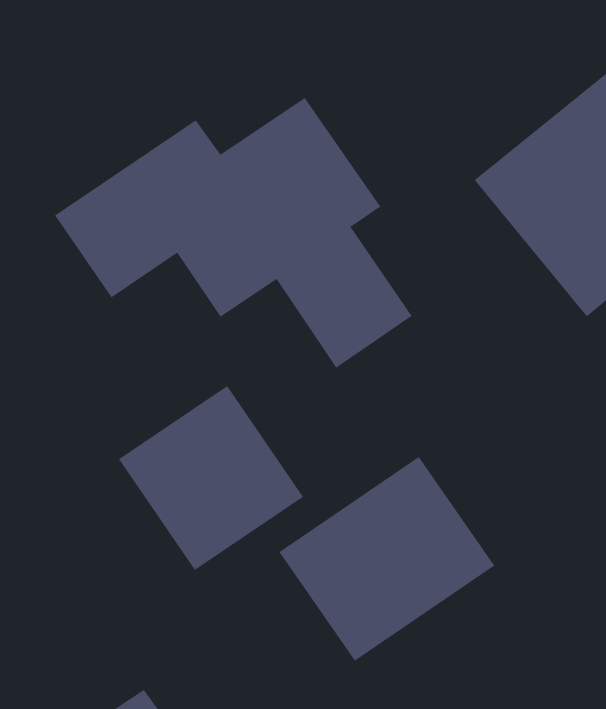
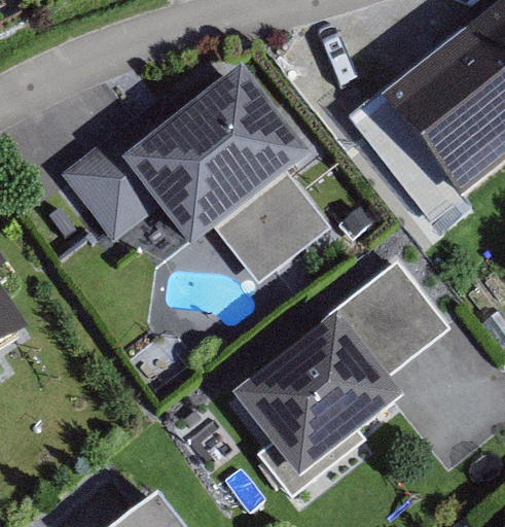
building: none -> [344,265,441,363]
building: [118,385,304,571] -> none

